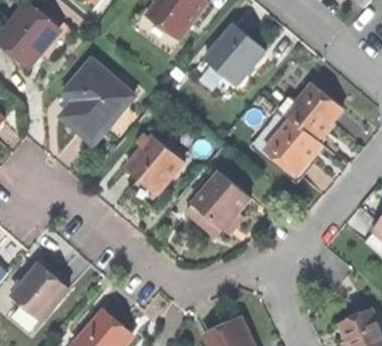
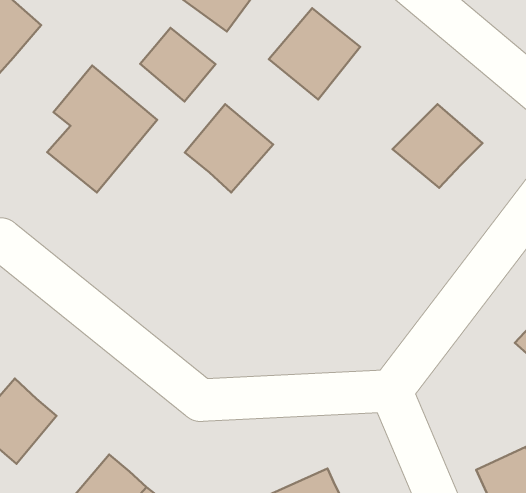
building: none -> [140,28,216,102]
building: [264,119,321,174] -> none
building: [127,137,184,194] -> [185,104,273,193]
building: [192,172,249,223] -> none

